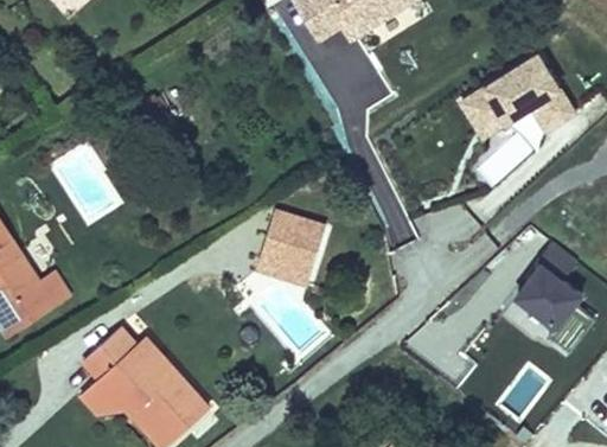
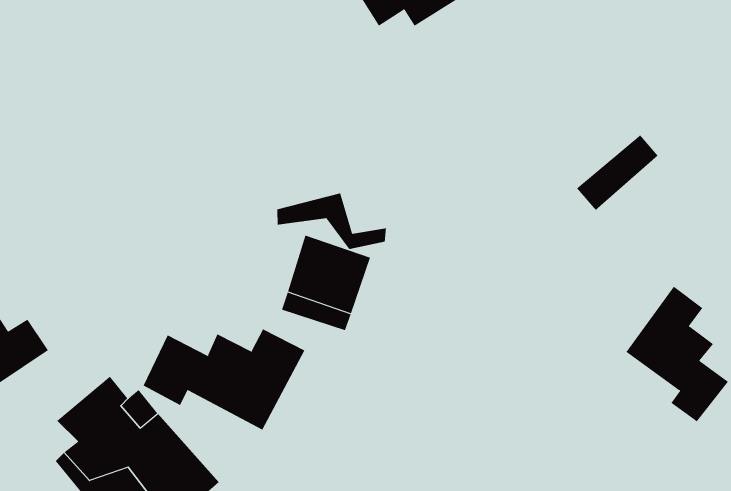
building: [460,50,582,141] -> none
building: none -> [277,192,387,250]
building: none -> [143,329,305,431]

